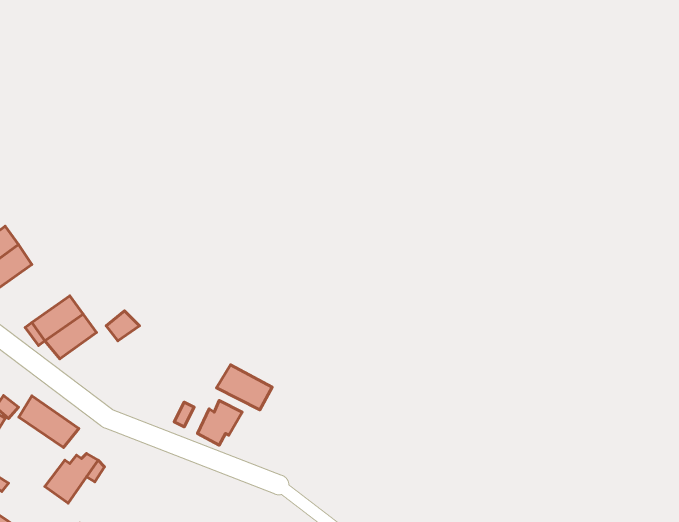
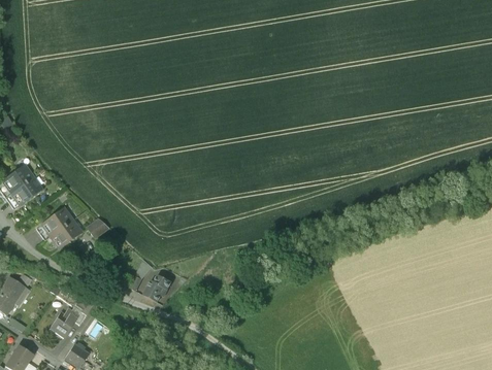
building: [216,365,272,410] -> none
building: [19,396,79,448] -> none

